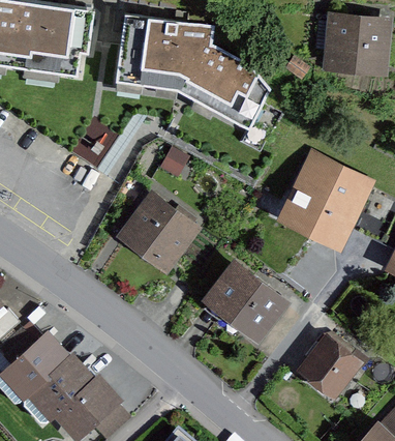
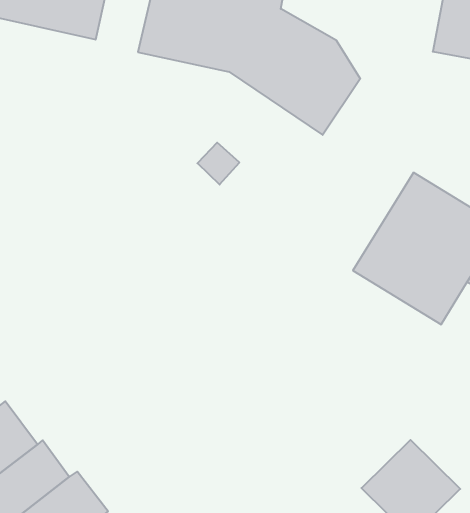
building: [117,192,204,276] -> none
building: [200,260,287,345] -> none

